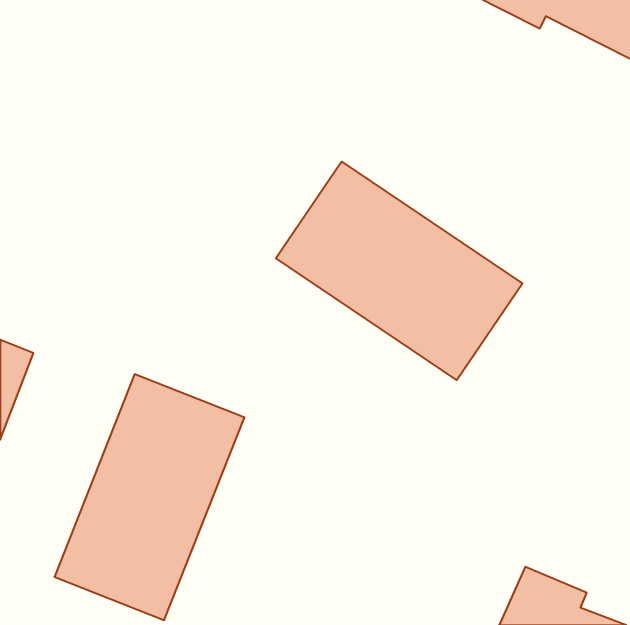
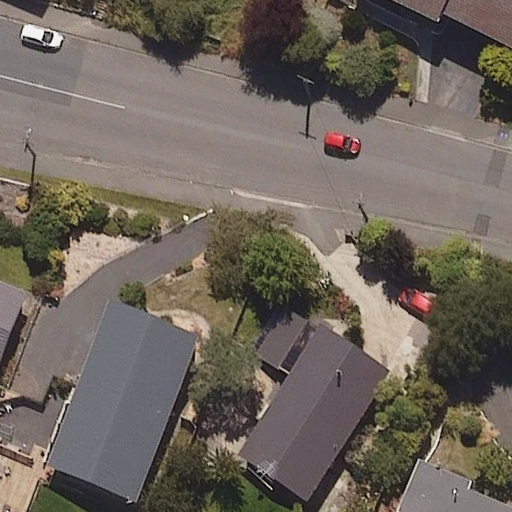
building: [276,162,522,380] -> none
building: none -> [234,326,389,499]

